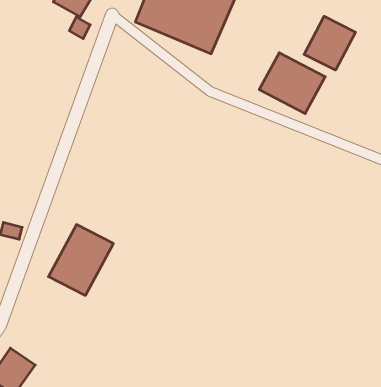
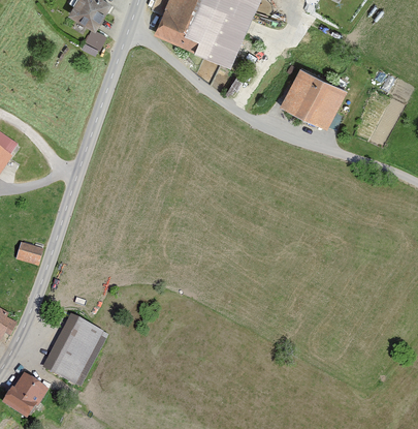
building: [304,16,355,70] -> none
building: [48,225,113,295] -> [42,313,109,387]

